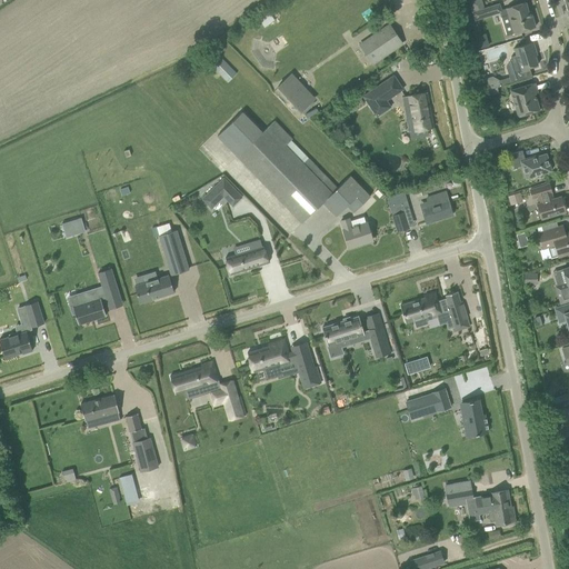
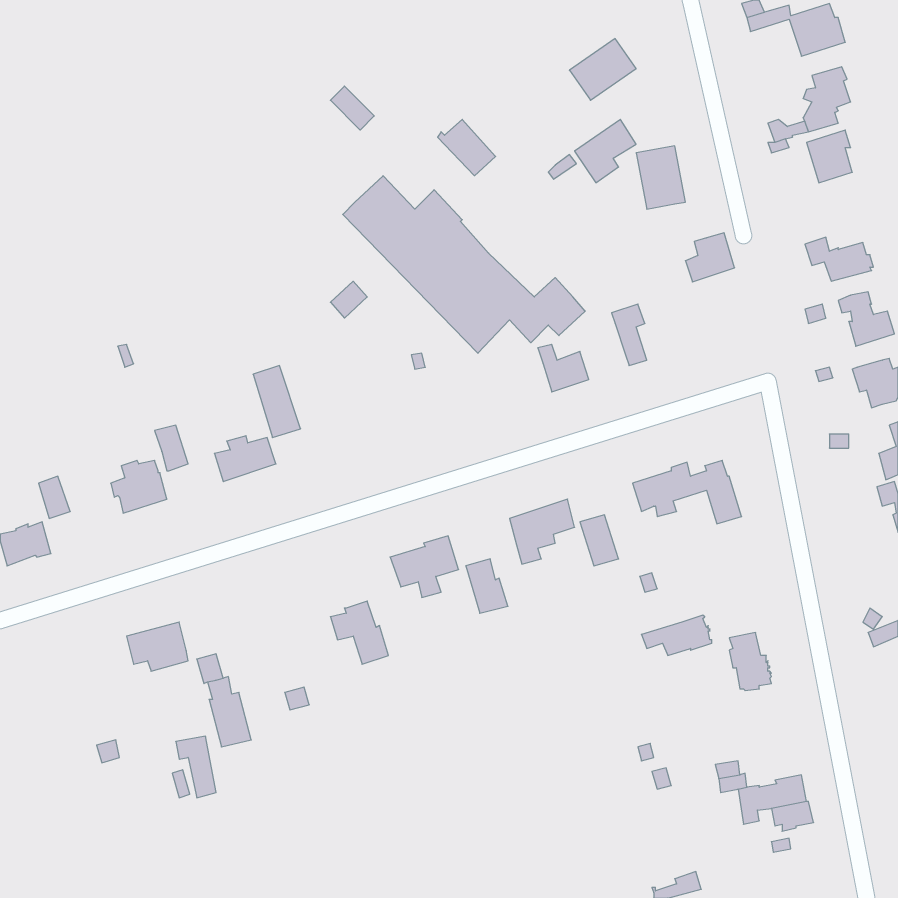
building: [421,192,452,223] -> [685,233,735,282]
building: [224,239,269,274] -> none
building: [170,361,218,398] -> none

